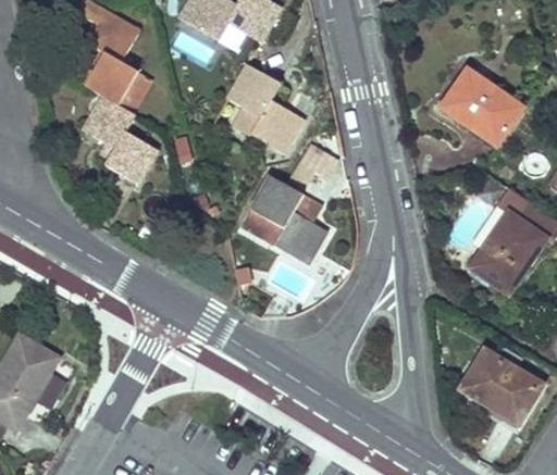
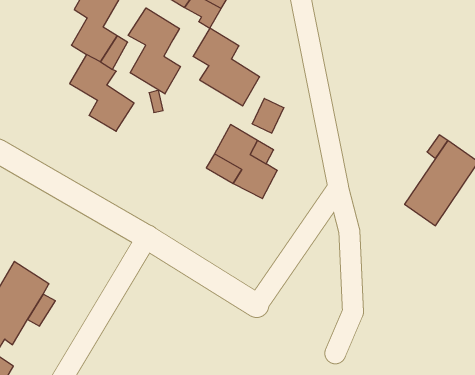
building: none -> [128,8,180,94]
building: [442,70,523,147] -> none
building: [458,342,539,423] -> none

